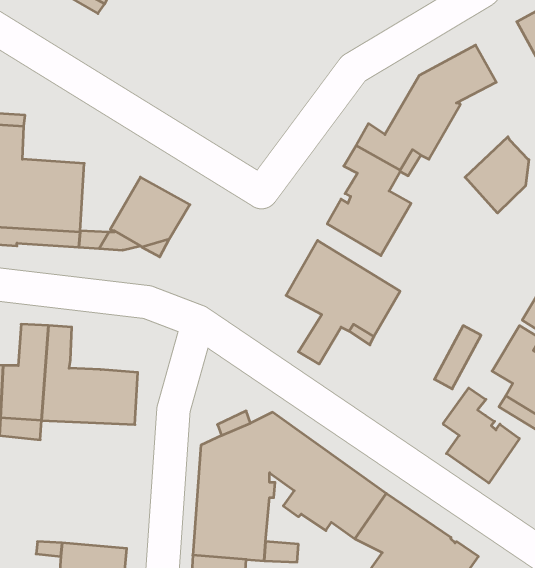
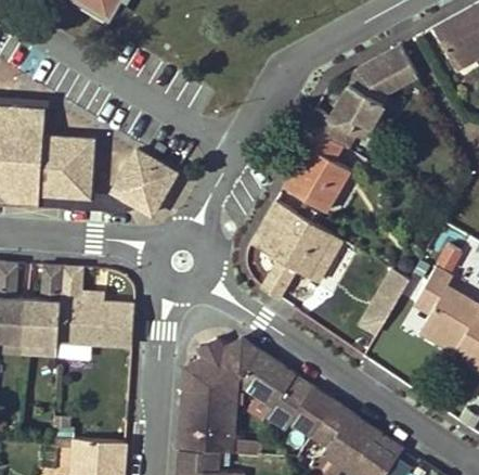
building: [465,137,529,213] -> none
building: [443,388,519,483] -> none

